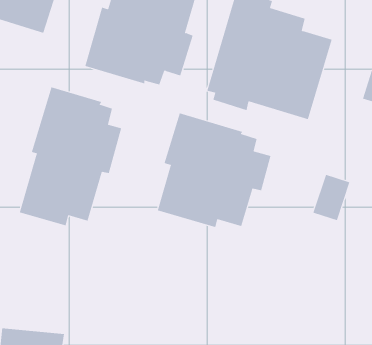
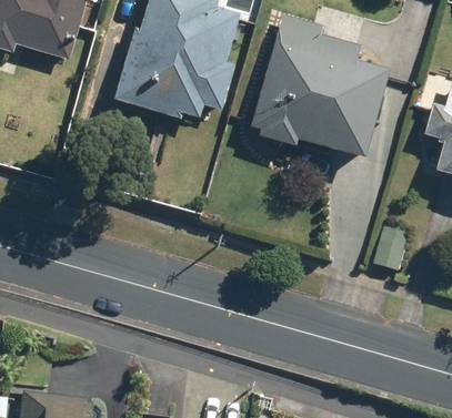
building: [19,86,122,226] -> none
building: [157,113,271,228] -> none

